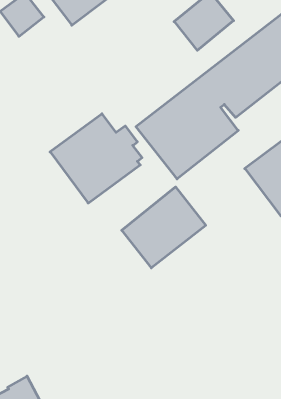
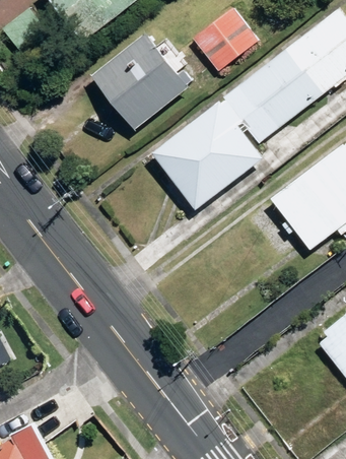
building: [50,114,142,203] -> [91,32,192,130]
building: [122,187,206,268] -> none

